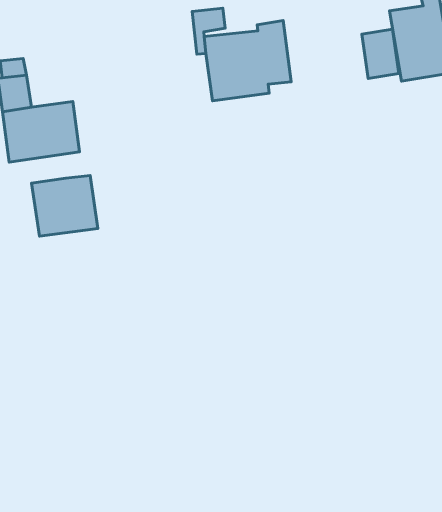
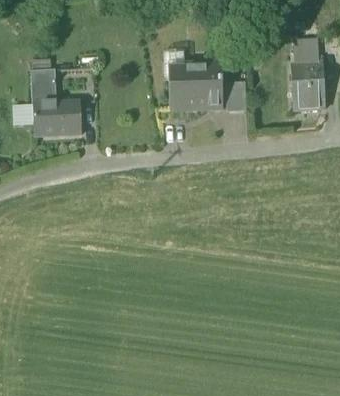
building: [362,29,399,78] -> [225,81,246,111]
building: [32,175,98,236] -> none

